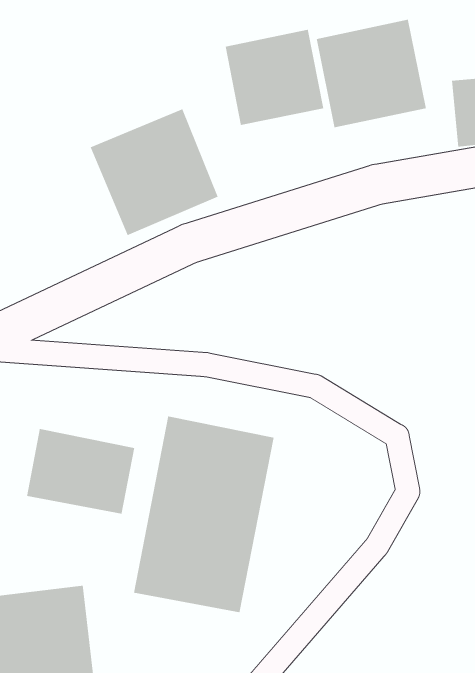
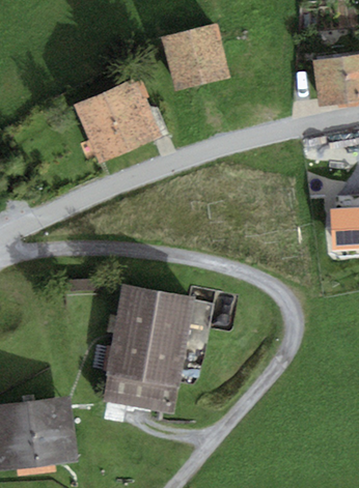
building: [316,19,427,128] -> none
building: [26,428,135,514] -> none

